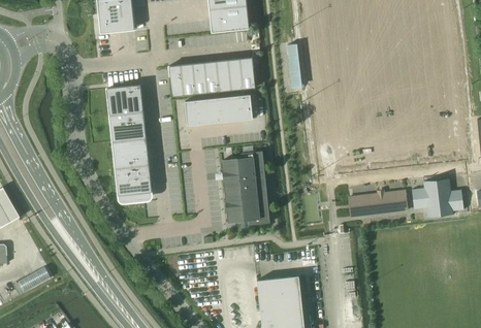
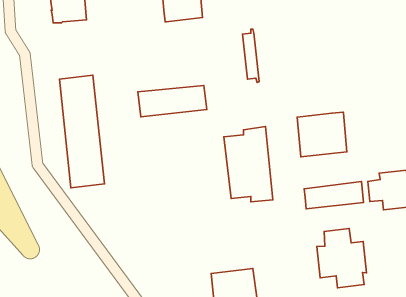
building: [167,58,254,97] -> none
building: none -> [297,112,347,157]
building: [221,151,269,225] -> [224,127,273,202]
building: none -> [317,228,367,288]

